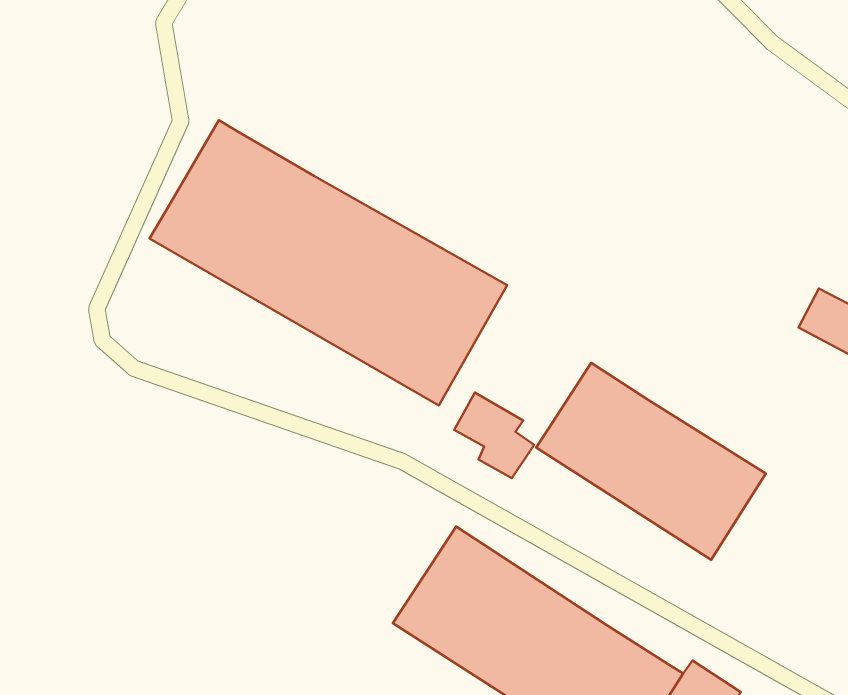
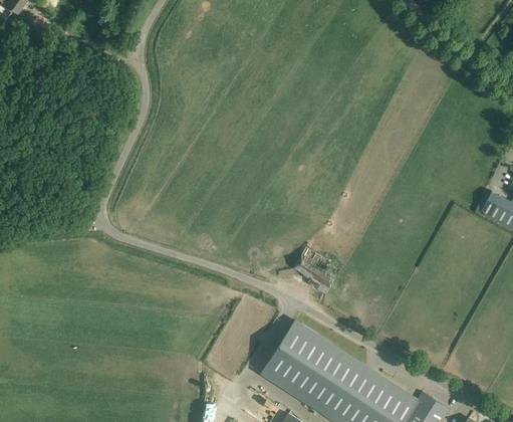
building: [150,120,507,405] -> none
building: [536,363,766,560] -> none

